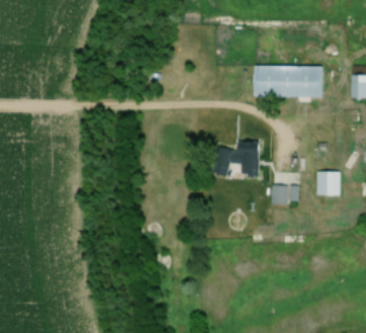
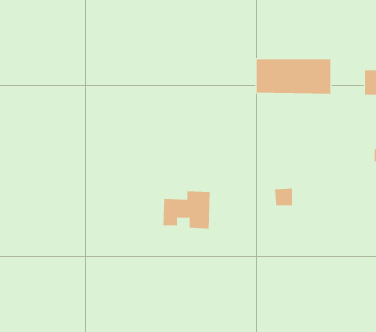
building: [215,142,260,177] -> [162,191,211,229]
building: [316,171,341,195] -> none

